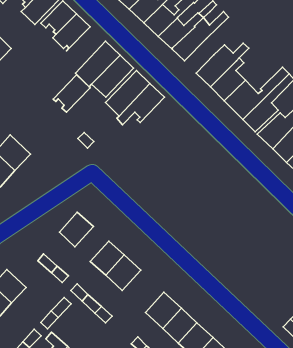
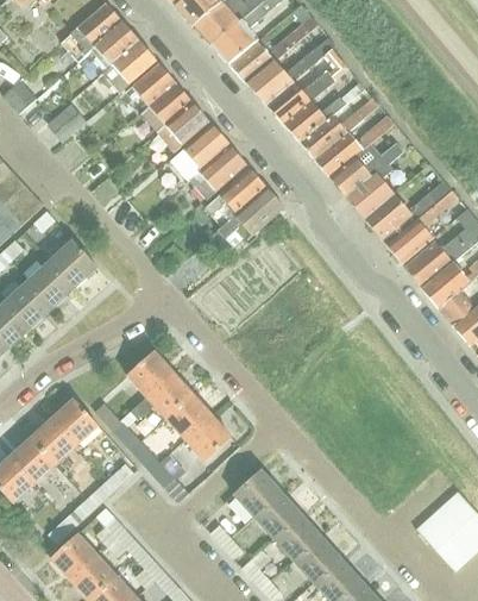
building: none -> [315,114,395,177]
building: [53,75,90,112] -> [158,102,209,151]
building: none -> [130,371,193,420]
building: none -> [52,399,99,445]

